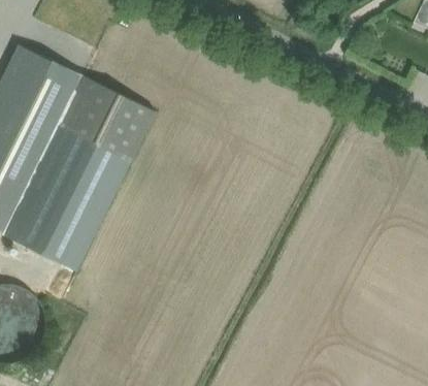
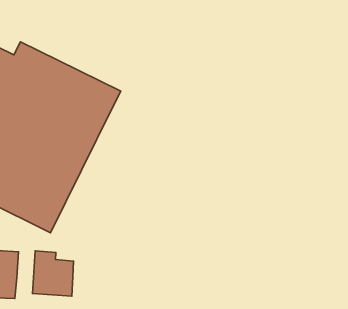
building: none -> [33,251,73,296]

